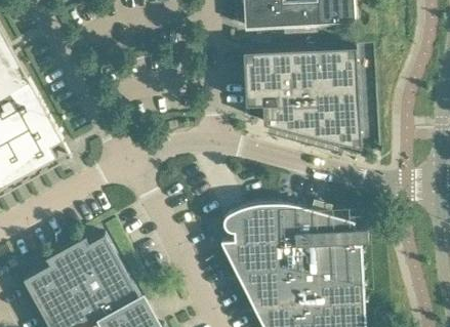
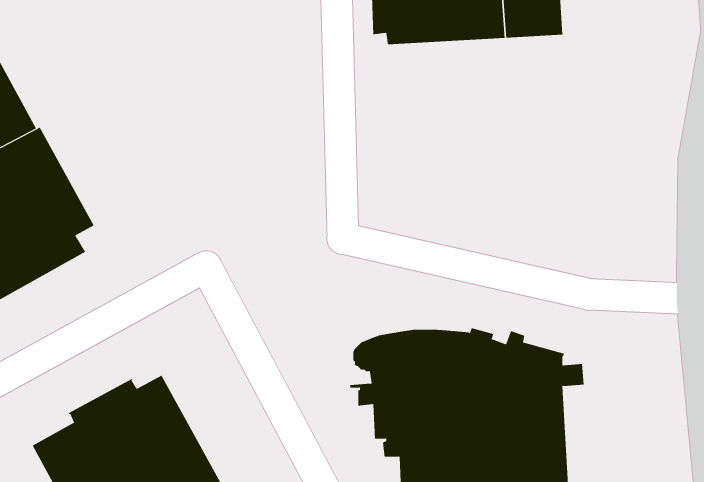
building: [243,47,362,149] -> none

